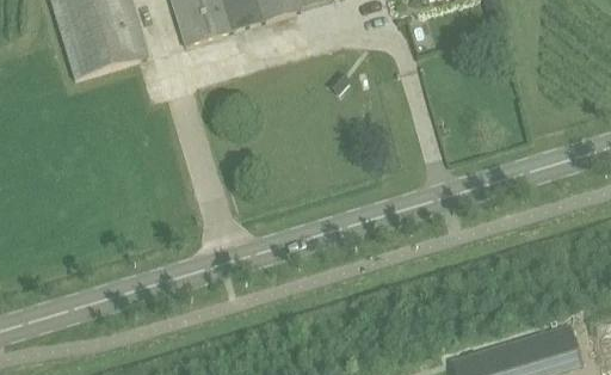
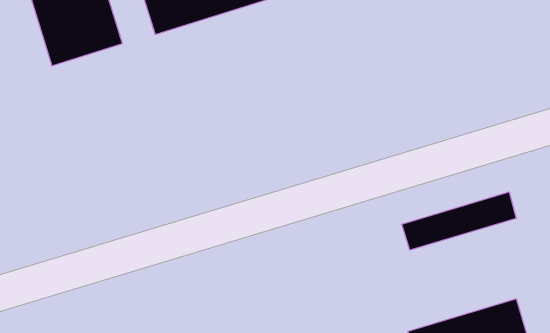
building: none -> [402,192,516,250]

